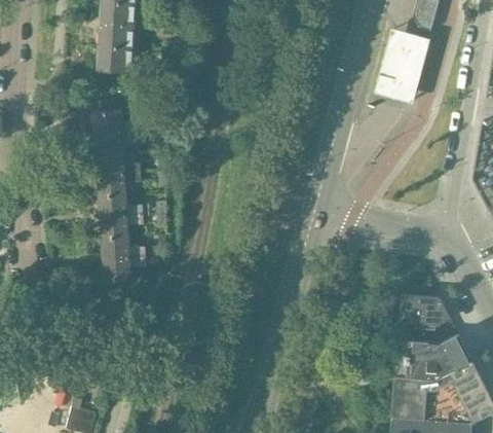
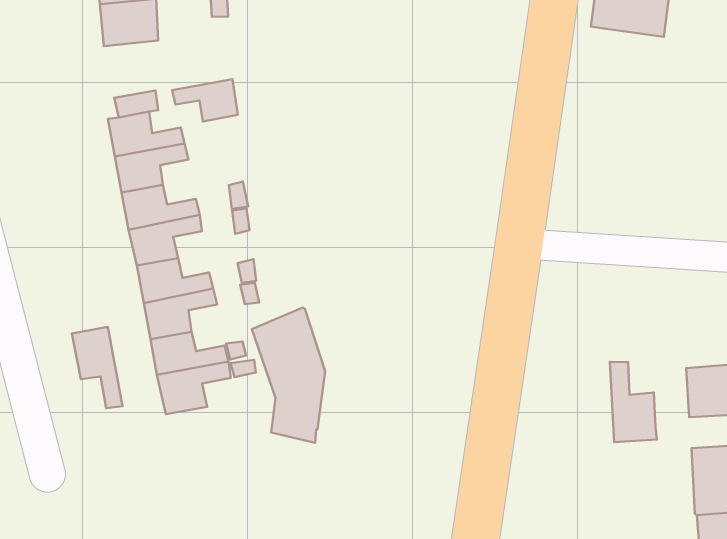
building: none -> [172,79,238,121]
building: none -> [72,327,122,408]
building: none -> [252,308,325,443]
building: none -> [610,362,657,442]

